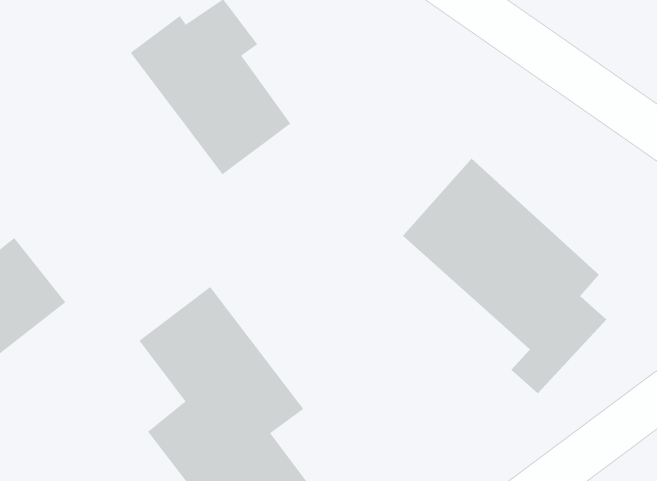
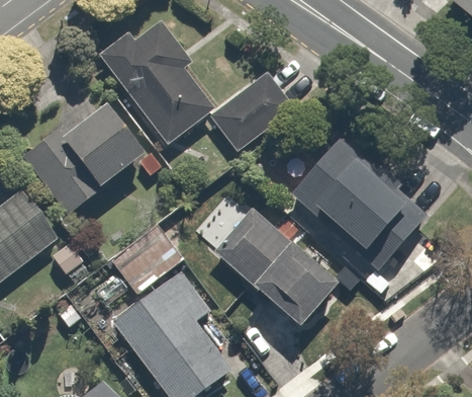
building: none -> [210,75,303,165]
building: none -> [19,89,152,219]
building: none -> [210,212,333,328]

